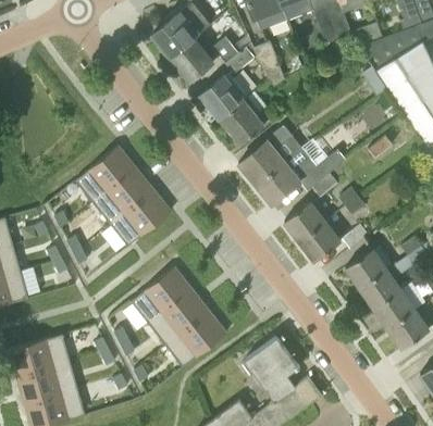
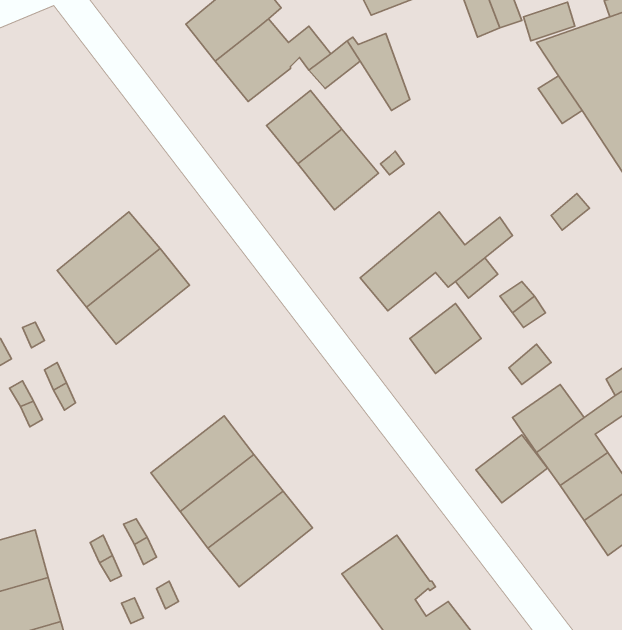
building: [237,126,301,185] -> none
building: [110,189,171,246] -> none
building: [299,221,342,261] -> [476,435,548,503]

